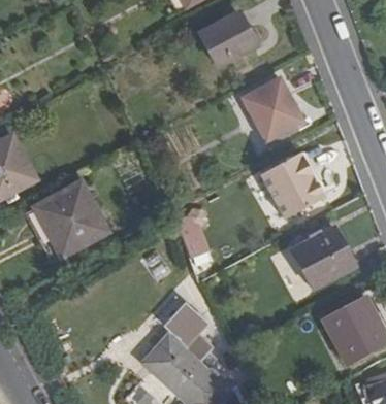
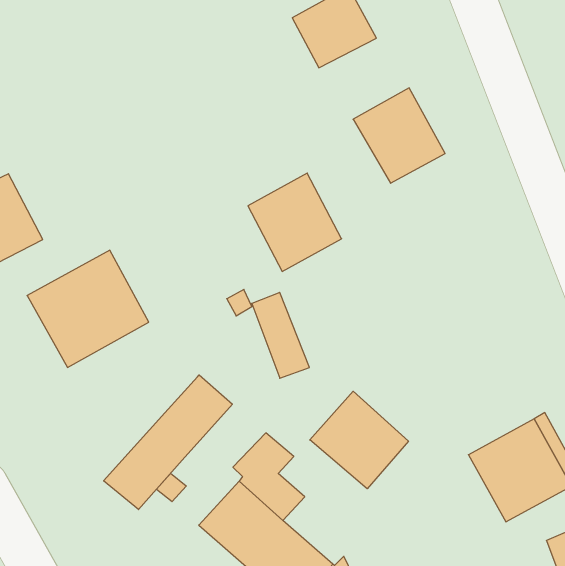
building: [261,155,323,220] -> [248,173,342,271]
building: [296,227,356,285] -> none
building: none -> [104,375,232,510]
building: none -> [310,391,408,489]

